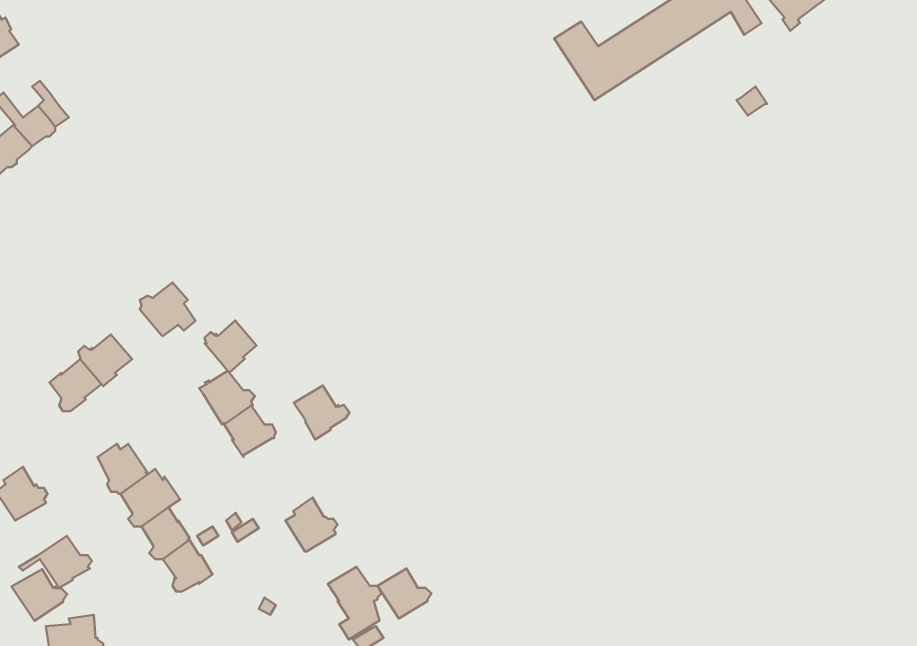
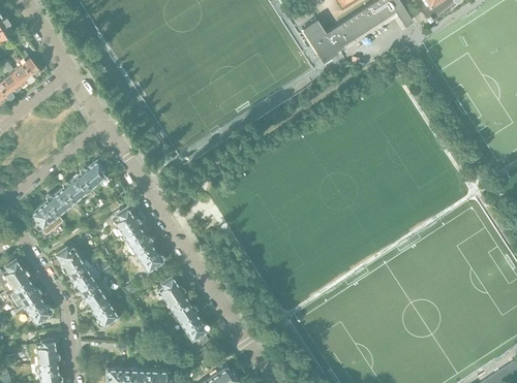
building: [205,321,256,372] -> [62,174,90,202]
building: [294,386,350,439] -> [134,244,164,273]
building: [378,569,431,619] -> [169,295,197,322]
building: [11,569,67,621] -> [11,279,41,307]

